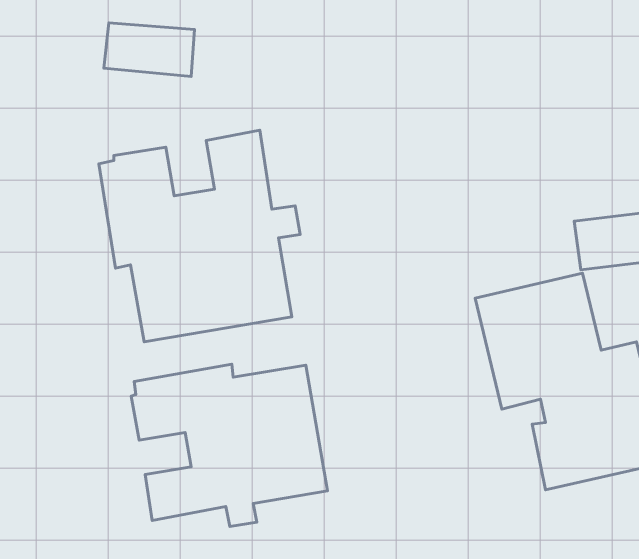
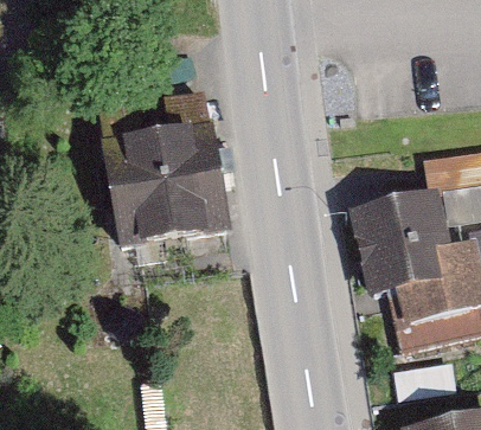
building: [131,364,327,526] -> none

